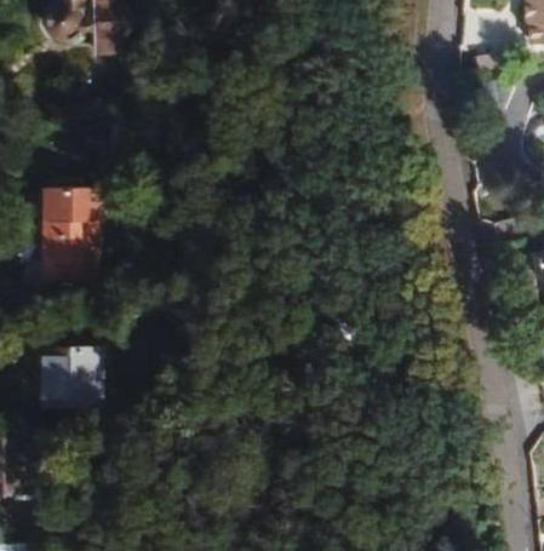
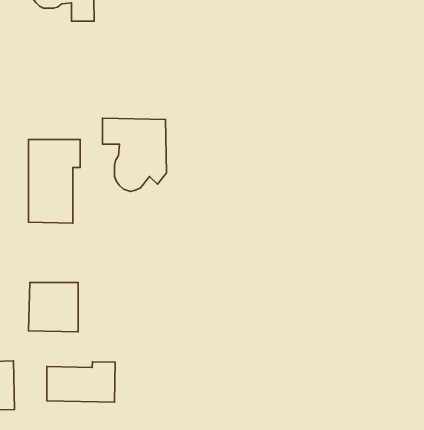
building: none -> [103,118,167,192]
building: none -> [47,362,115,402]

